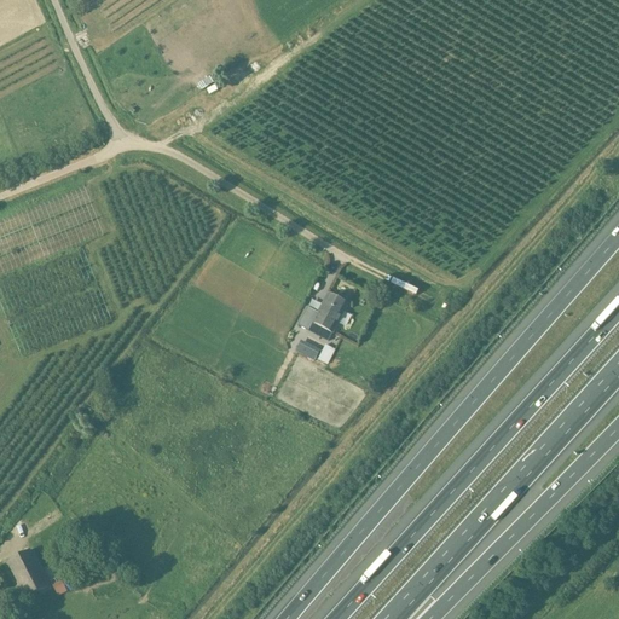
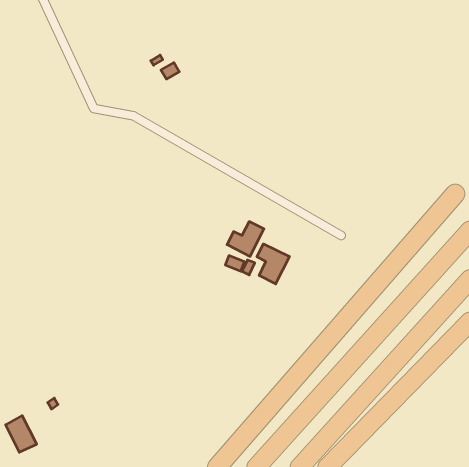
building: none -> [257,244,289,284]

